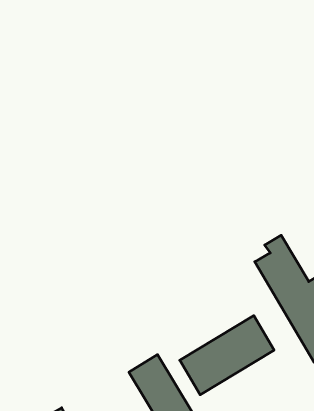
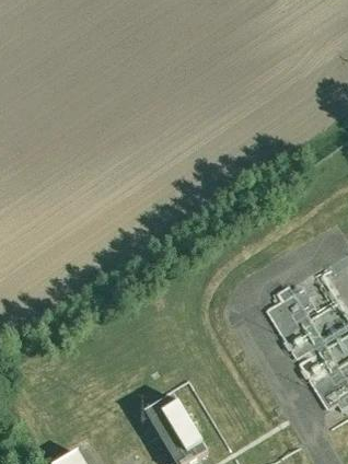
building: [180,316,274,395] -> none

